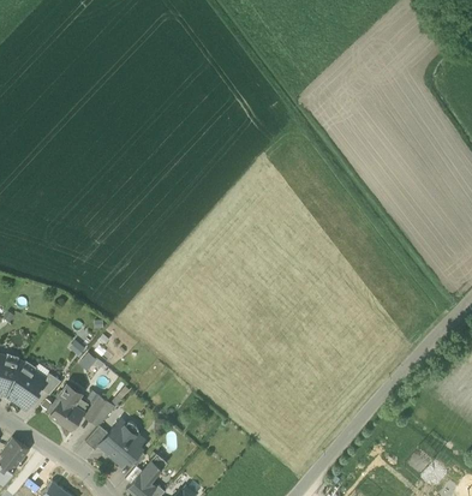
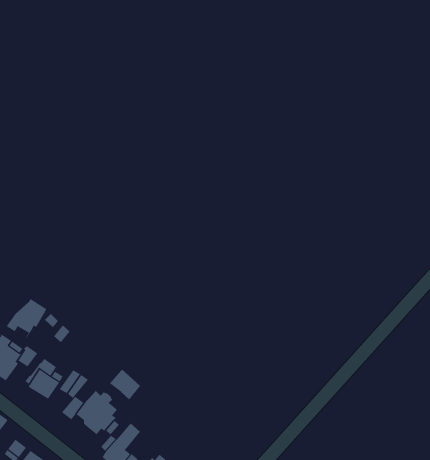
building: none -> [6,298,47,339]
building: none -> [109,369,141,400]

